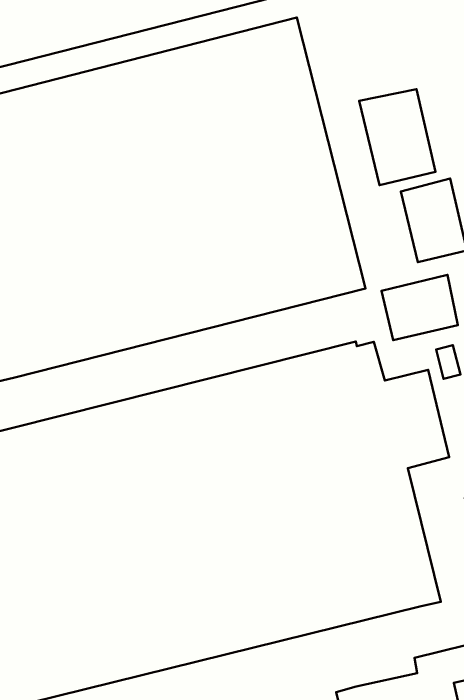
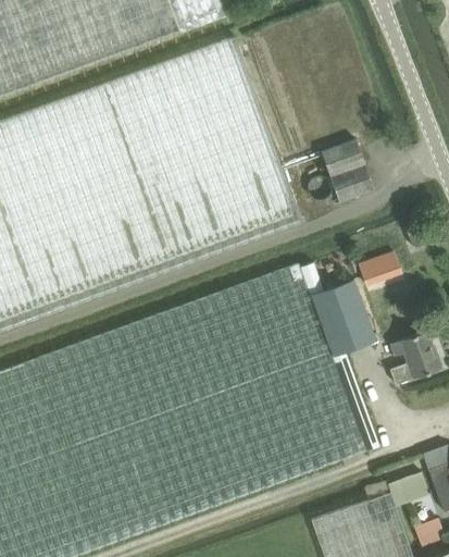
building: [359,89,436,185] -> none
building: [382,275,458,340] -> none

